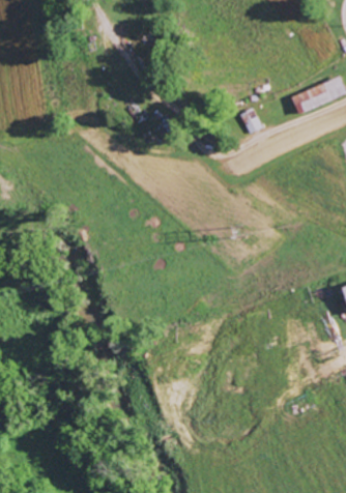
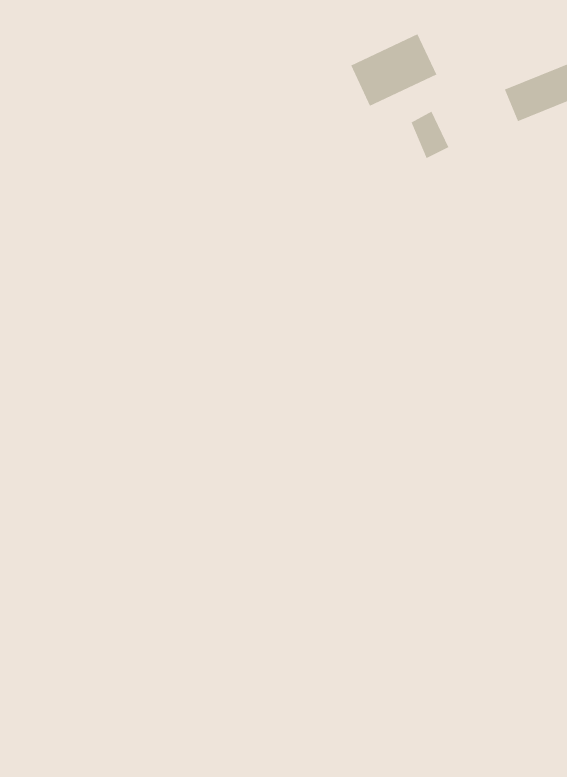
building: none -> [350,33,437,107]

